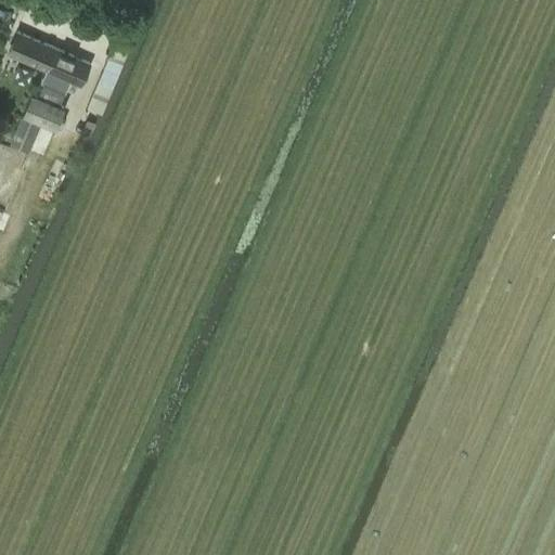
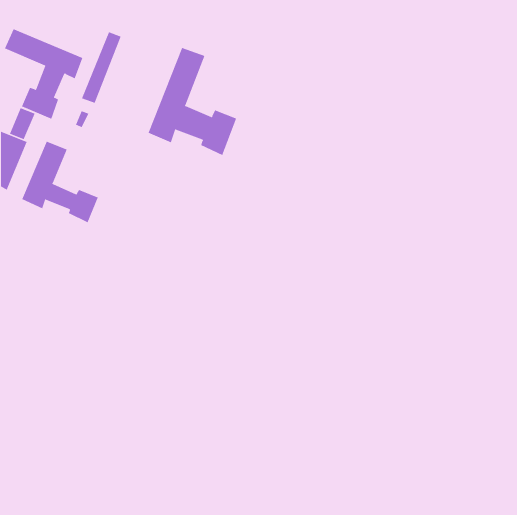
building: none -> [148,47,237,156]
building: none -> [22,141,98,223]

